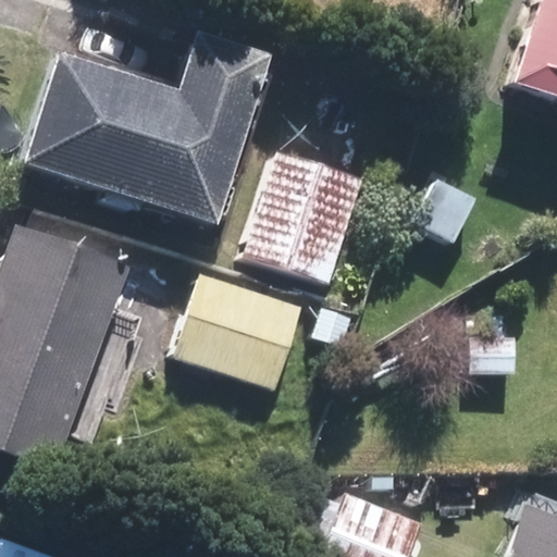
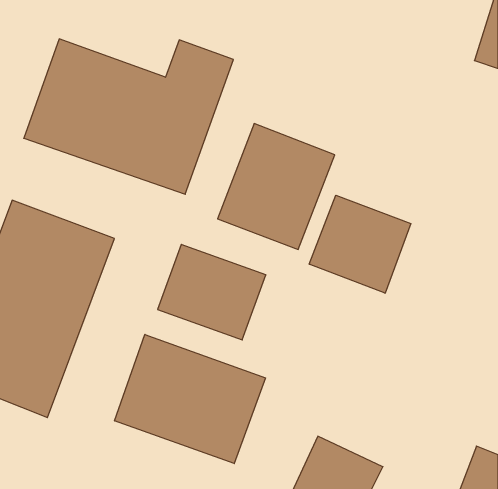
building: none -> [309,195,411,293]
building: none -> [115,334,265,464]

